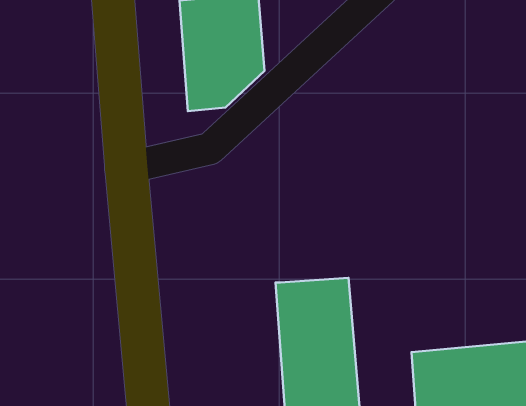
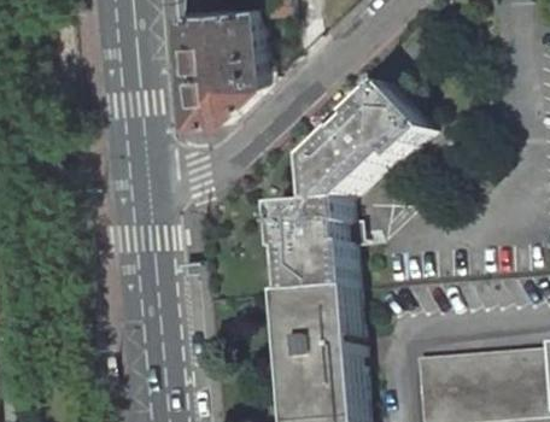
building: none -> [269,80,428,291]

